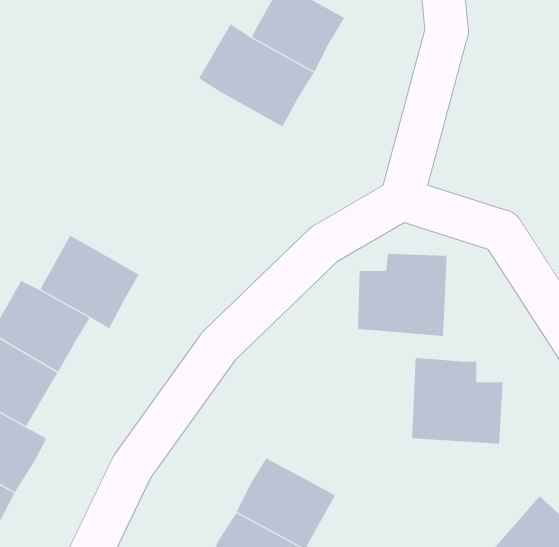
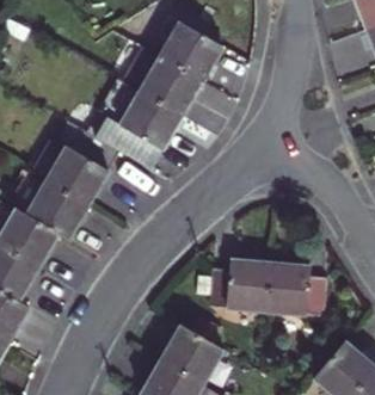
building: none -> [124,91,184,147]
building: none -> [49,126,124,206]
building: [357,254,448,337] -> [210,258,268,310]

